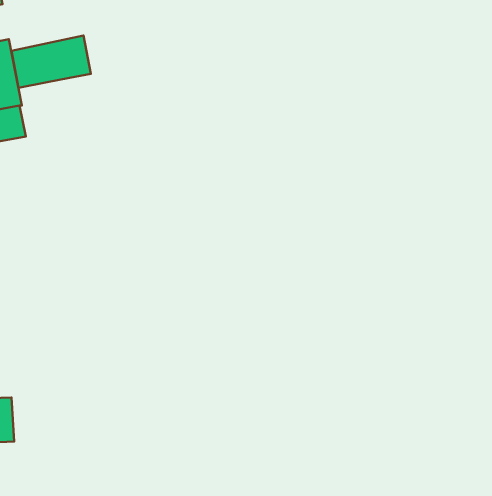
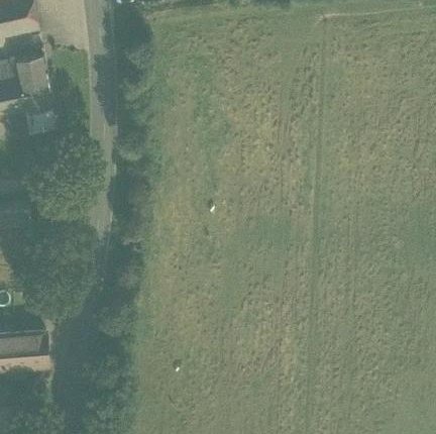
building: [12,36,91,88] -> none

